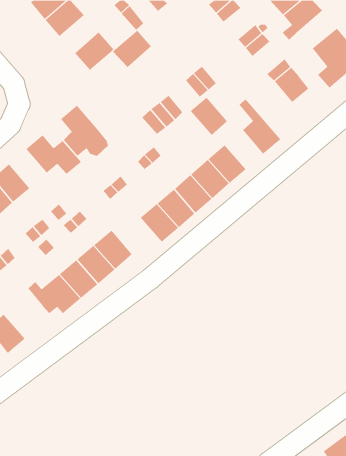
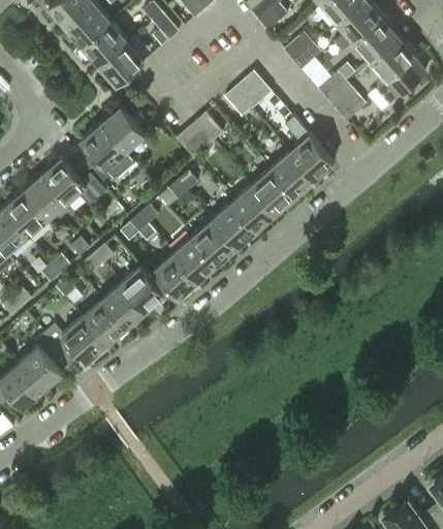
building: none -> [353,17,399,60]
building: [112,30,152,68] -> [82,22,127,65]
building: none -> [102,106,147,152]
building: [190,97,228,136] -> [271,153,314,197]
building: none -> [25,175,67,219]
building: none -> [154,253,198,299]
building: none -> [19,334,70,391]

